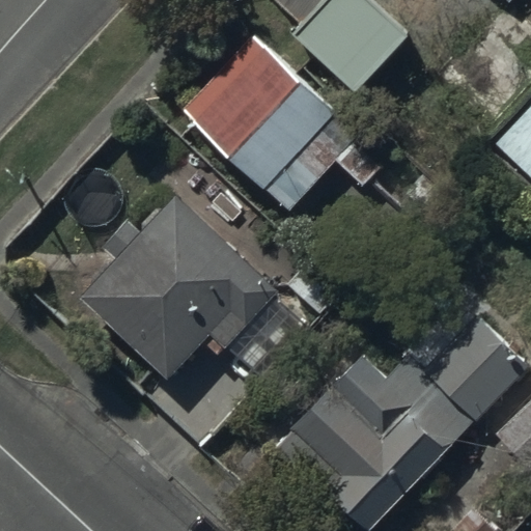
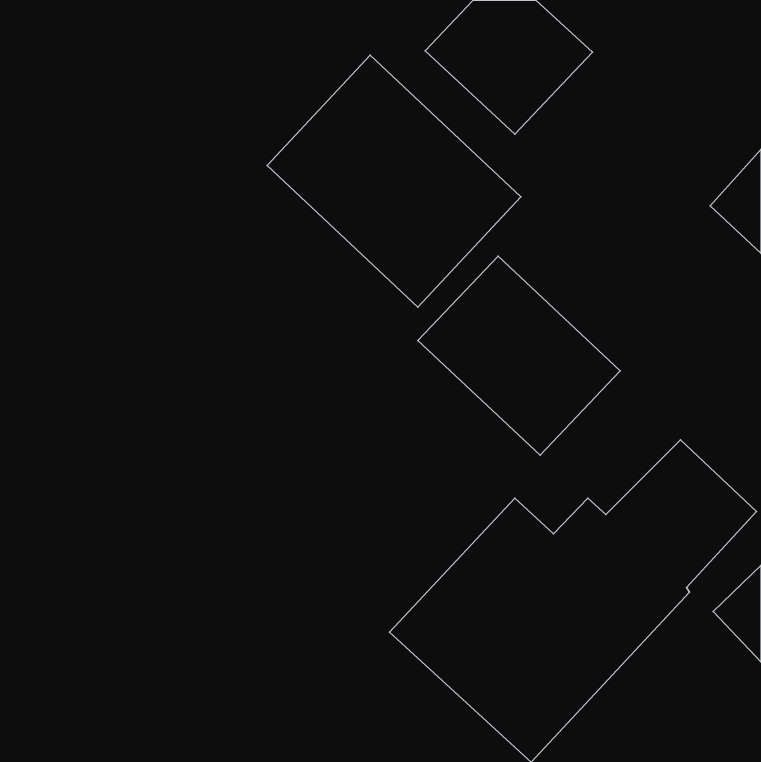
building: none -> [418,256,620,455]
building: [83,204,284,389] -> none

